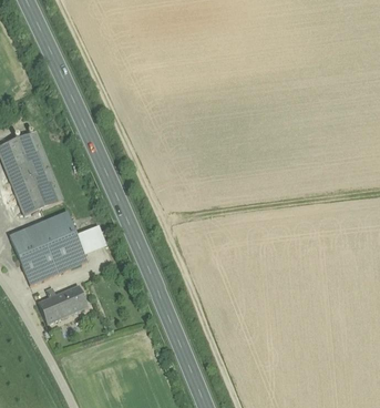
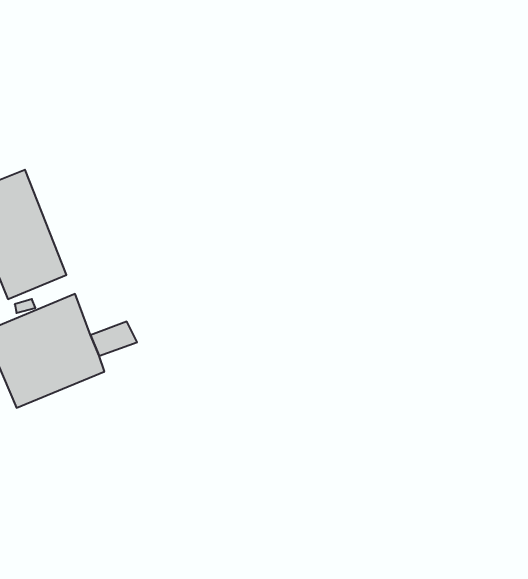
building: [37,284,86,323] -> none

